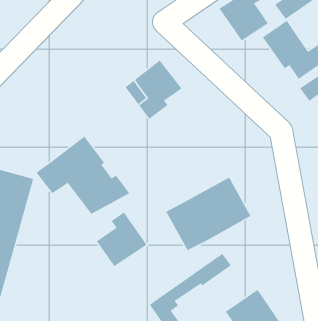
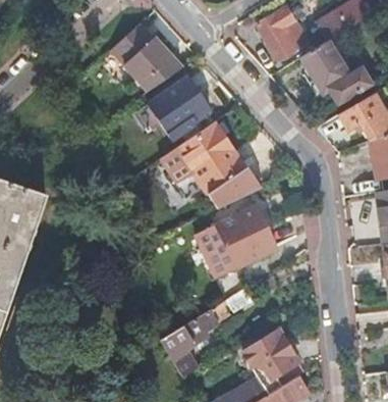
building: none -> [112,23,182,90]
building: [36,135,131,215] -> [161,121,262,207]
building: [96,212,147,267] -> none

